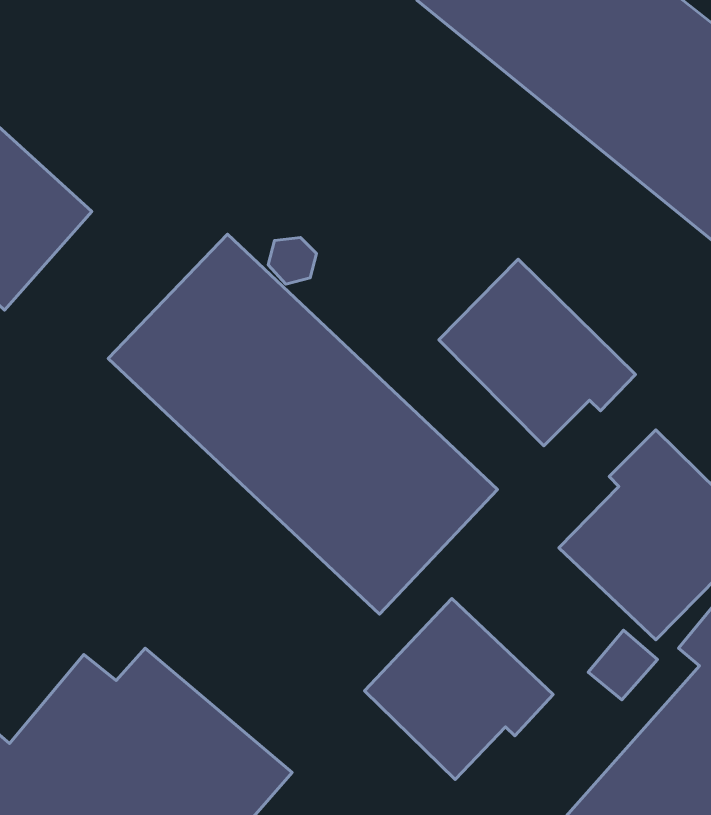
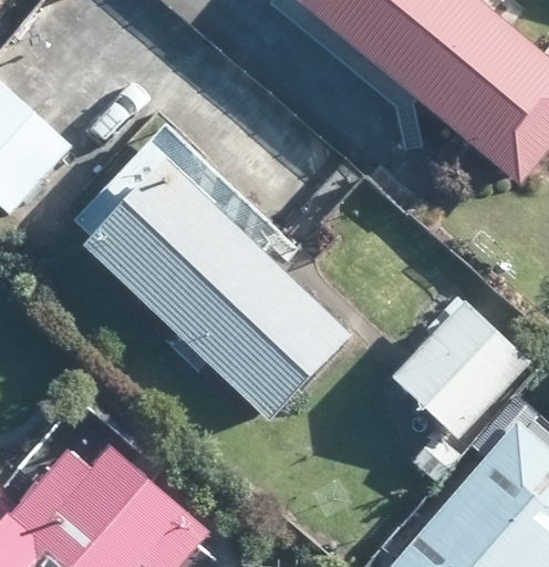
building: [439,259,635,446] -> none
building: [364,598,553,780] -> none

